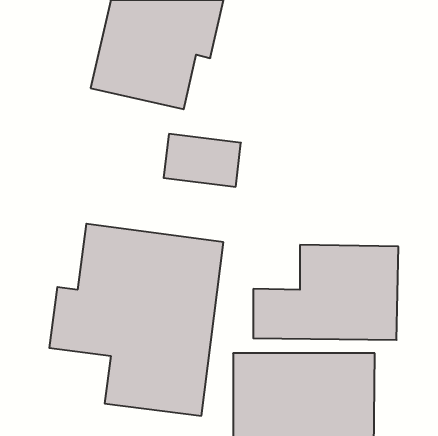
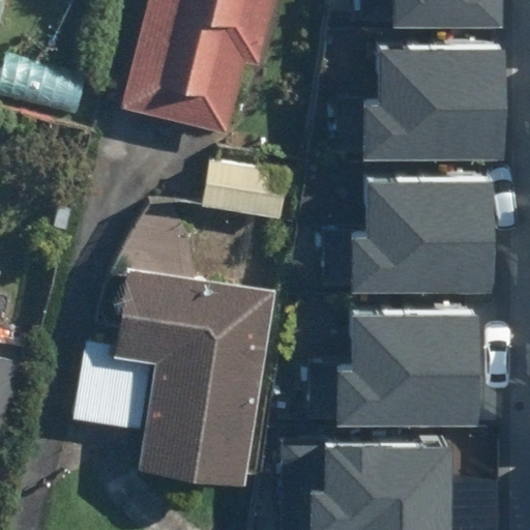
building: none -> [333,39,505,150]
building: none -> [324,169,495,279]

